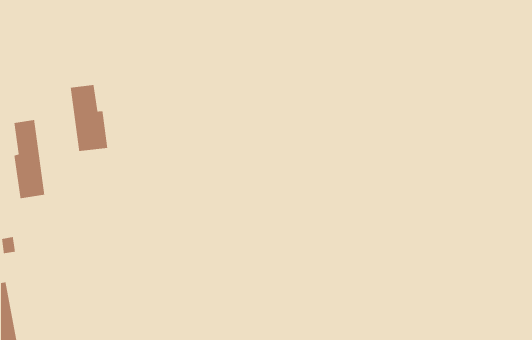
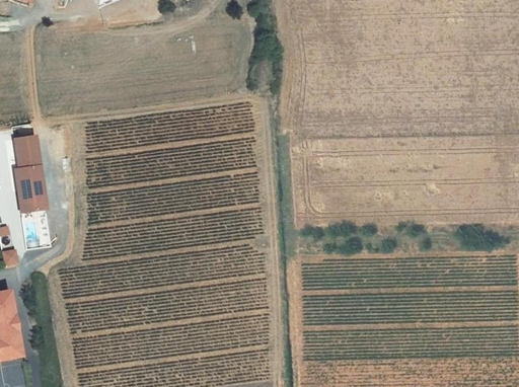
building: [70,84,108,152] -> none

